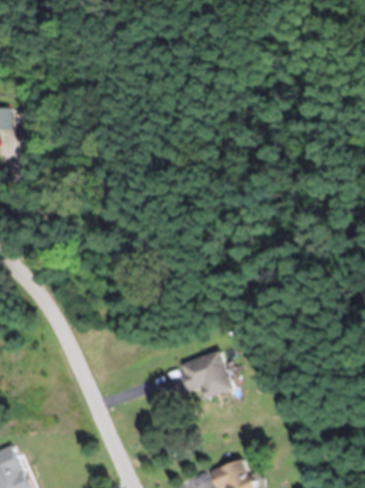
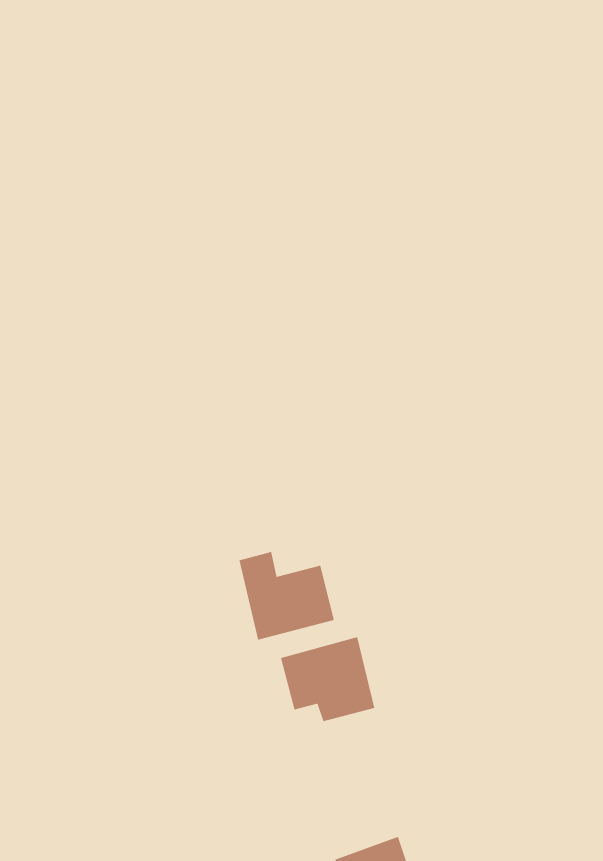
building: none -> [239,551,335,641]

